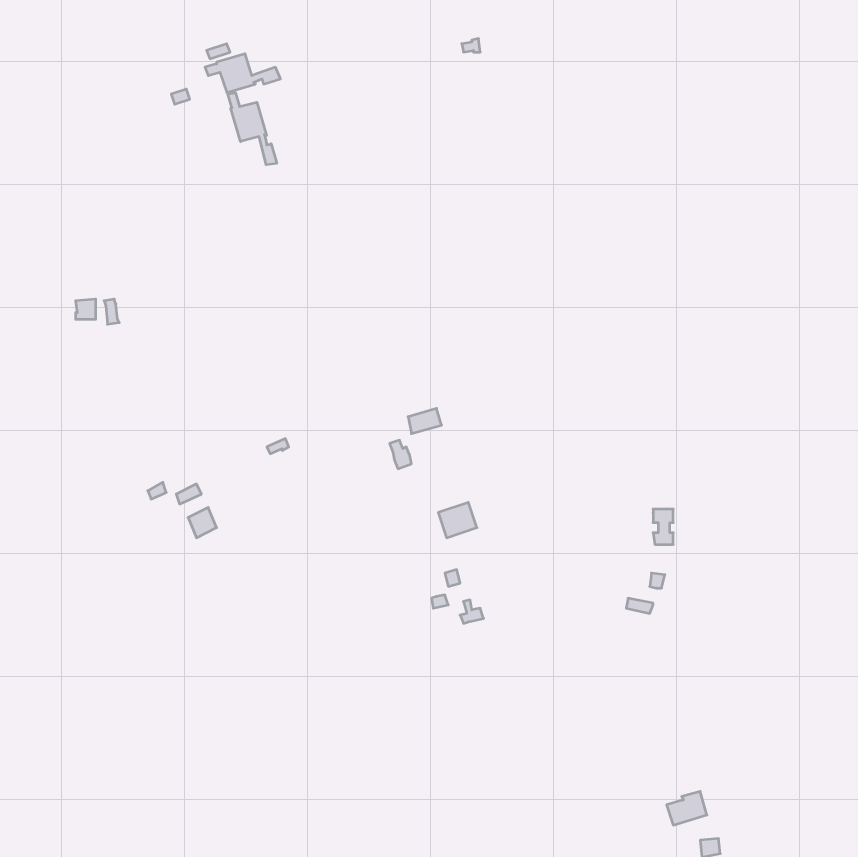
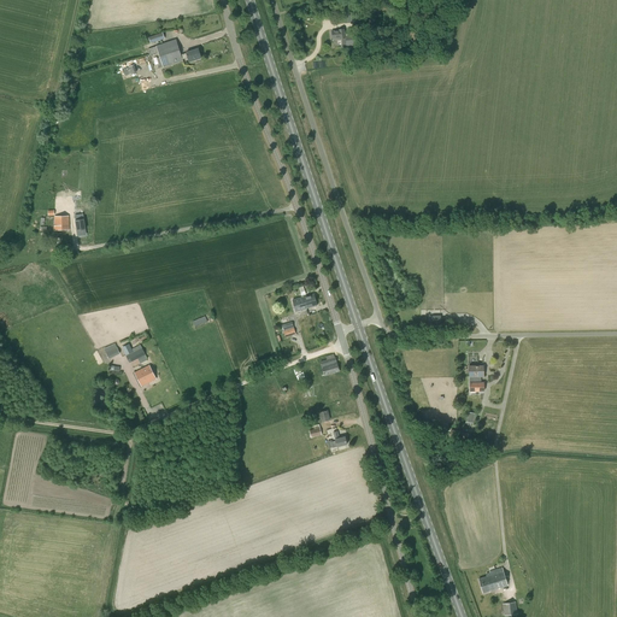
building: [228,93,277,165] -> none

